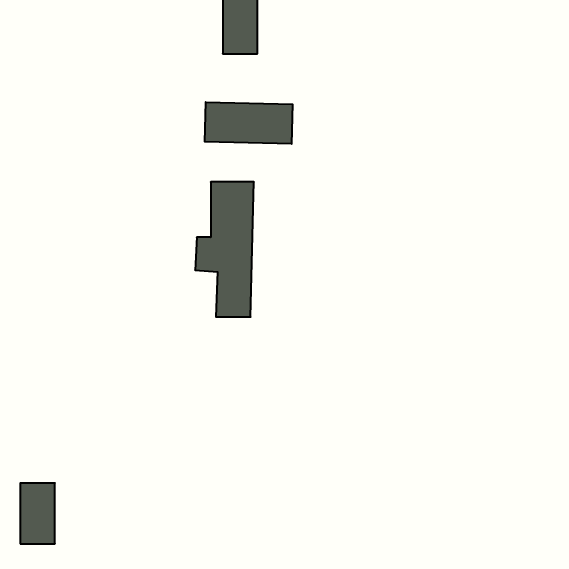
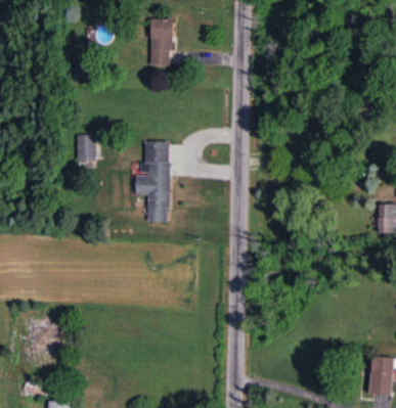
building: [205,102,293,144] -> none
building: none -> [77,135,95,160]

